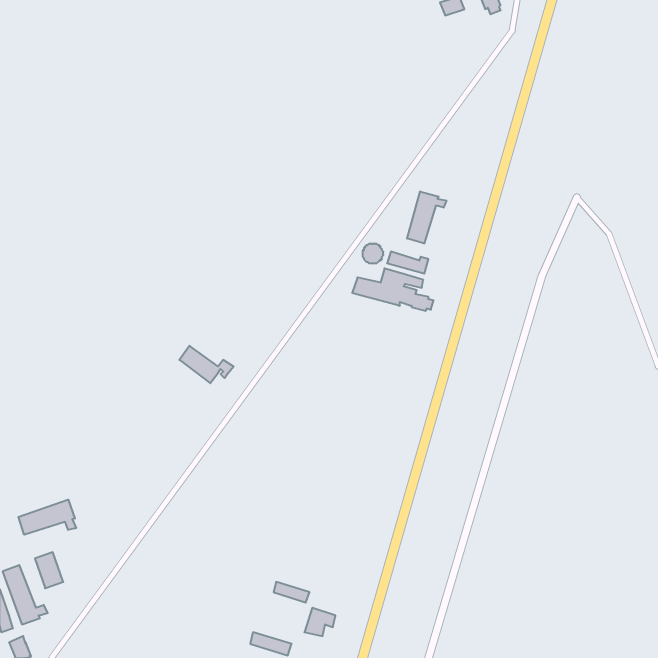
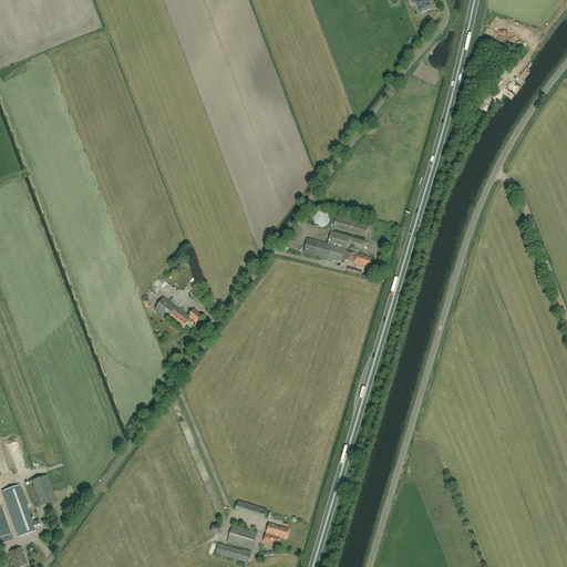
building: [407,191,446,244] -> none
building: [18,500,76,535] -> none
building: none -> [226,525,256,548]

